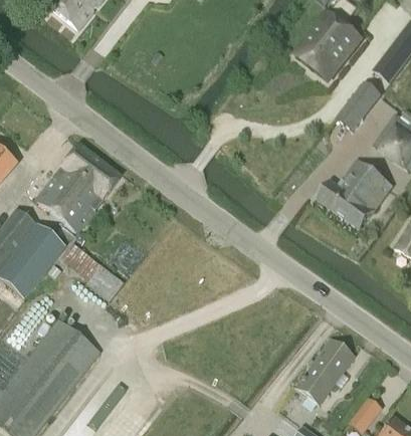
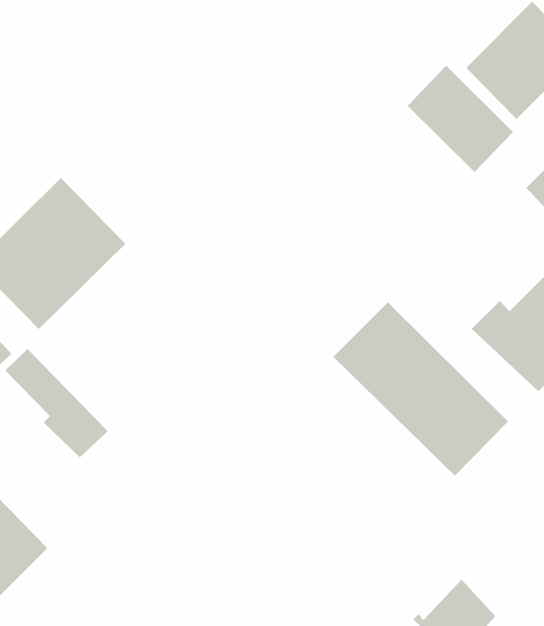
building: none -> [407,65,514,173]
building: none -> [333,301,509,477]

